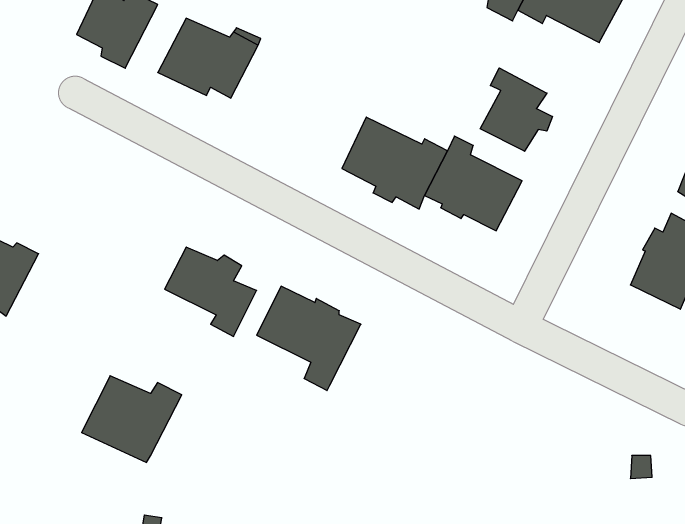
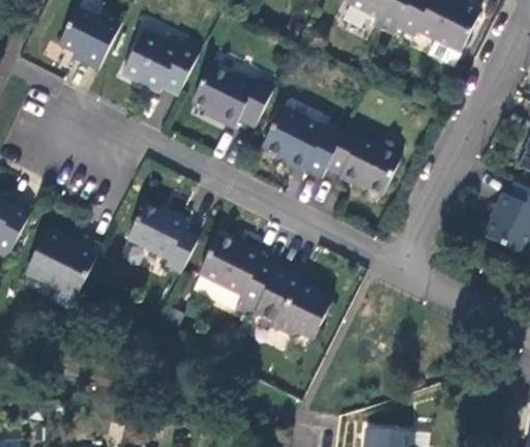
building: none -> [193,65,274,128]
building: [480,68,552,151] -> none
building: none -> [253,266,328,339]
building: [82,376,182,462] -> [25,230,101,296]

